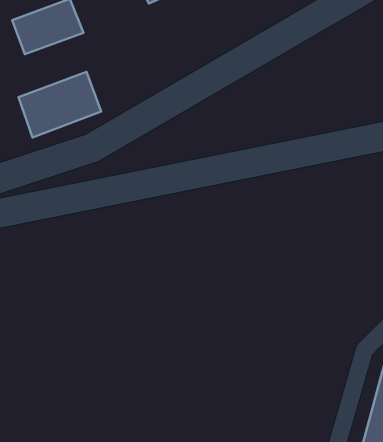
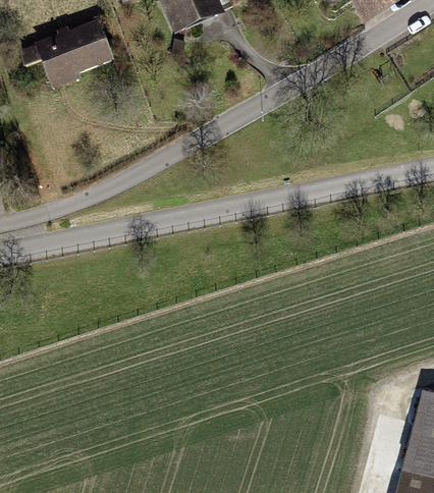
building: [19,72,101,137] -> none

